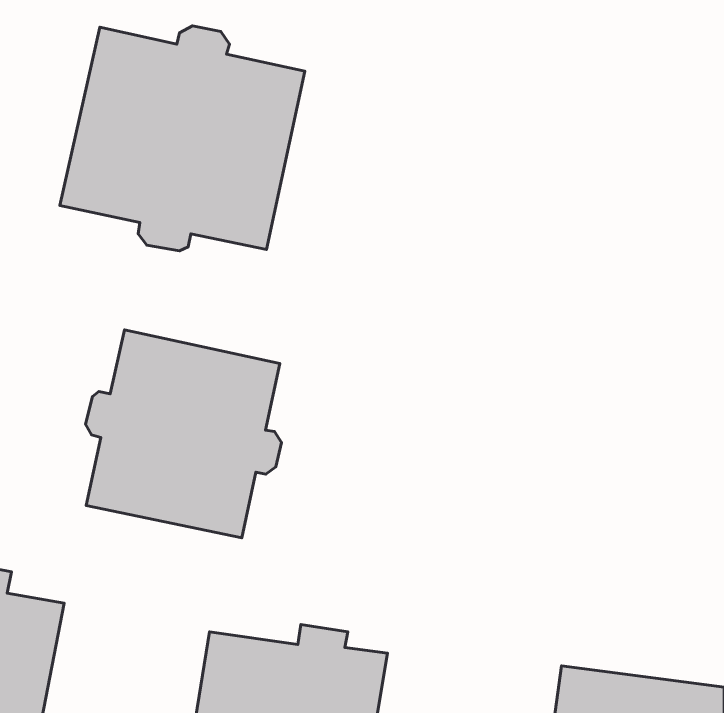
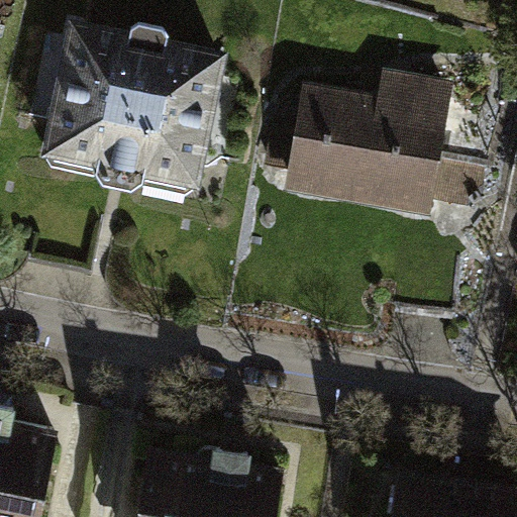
building: none -> [288,89,480,215]
building: [85,330,282,538] -> none

